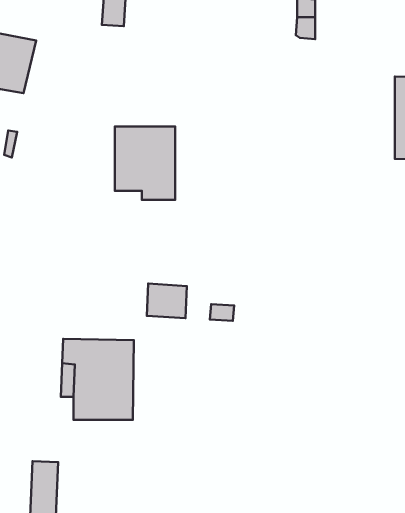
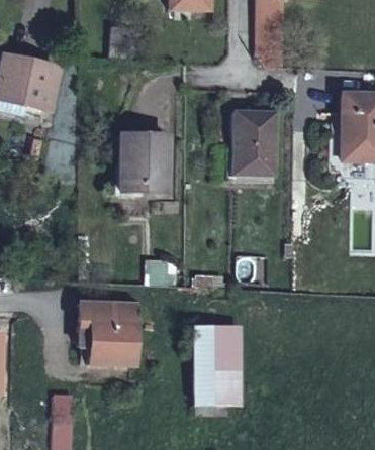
building: none -> [232,112,275,172]
building: none -> [193,325,240,403]

